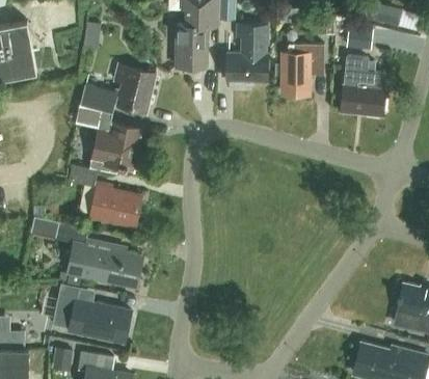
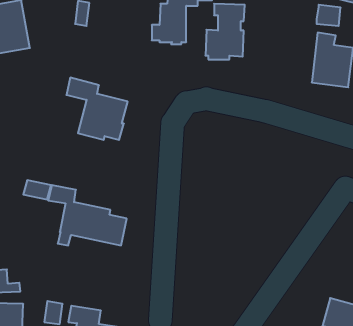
building: [281,44,325,96] -> none
building: [80,65,155,113] -> none
building: [69,165,140,225] -> none
building: [51,283,130,342] -> none

